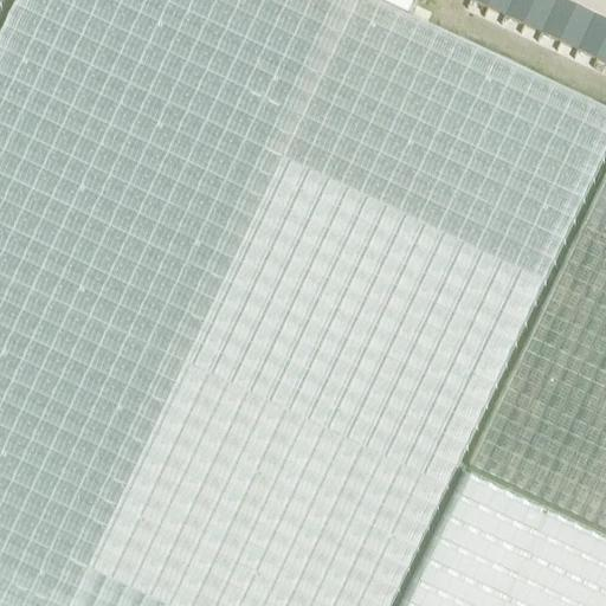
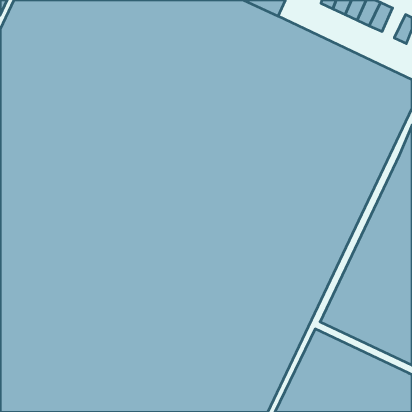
building: [561,12,595,56] -> none

